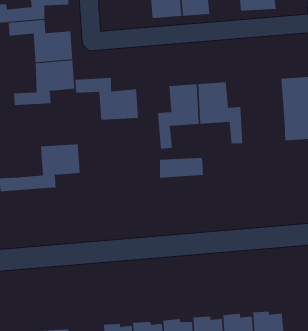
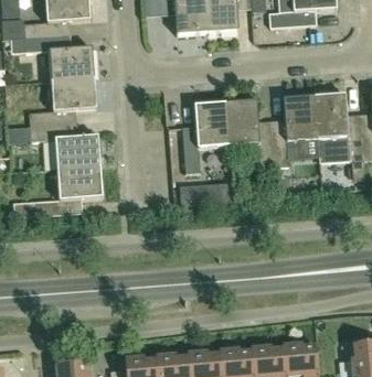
building: [75,78,139,120] -> [30,123,98,169]
building: none -> [272,97,317,166]

